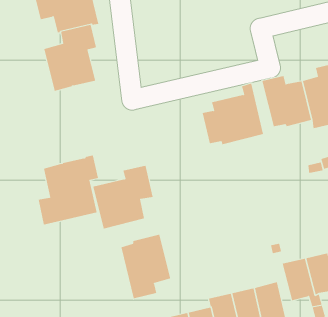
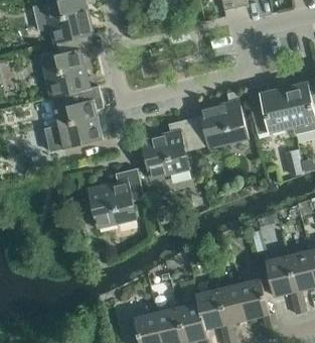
building: none -> [141,119,197,180]
building: [38,155,99,225] -> [46,86,104,152]
building: [121,234,171,299] -> none

